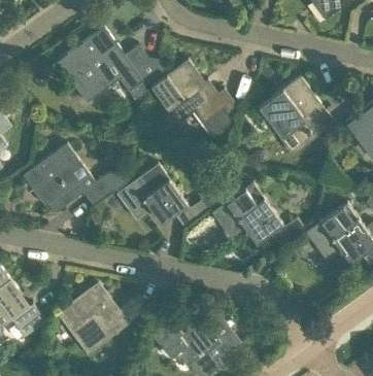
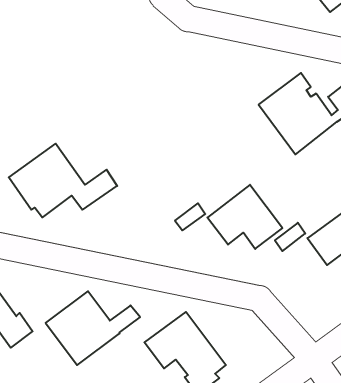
building: [57,28,166,103] -> none
building: [151,60,239,140] -> none
building: [116,164,188,224] -> none

